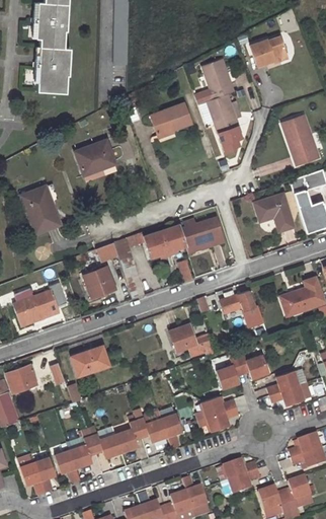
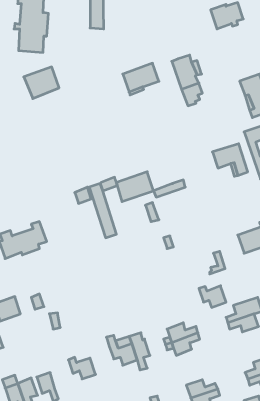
building: [201,59,232,98] -> none
building: [74,142,113,177] -> [24,67,59,99]
building: [21,186,59,233] -> none
building: [179,217,220,246] -> none
building: [84,267,115,298] -> none
building: [222,291,254,313] -> none
building: [169,324,214,356] -> none
building: [72,347,108,376] -> none
building: [215,356,242,387] -> none
building: [115,421,142,452] -> none
building: [71,436,96,468] -> none

